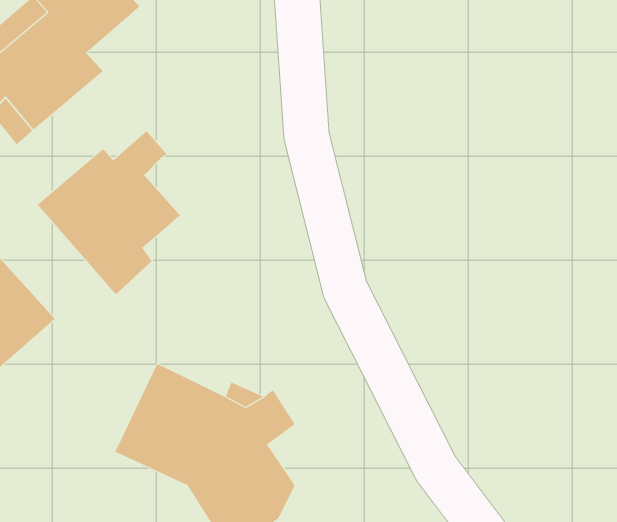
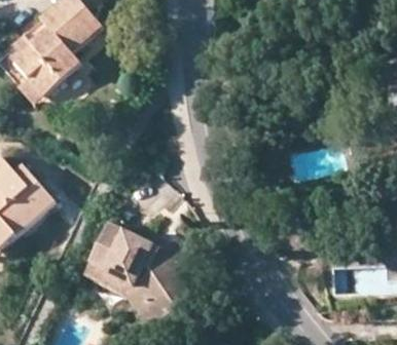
building: [37,130,181,295] -> none

